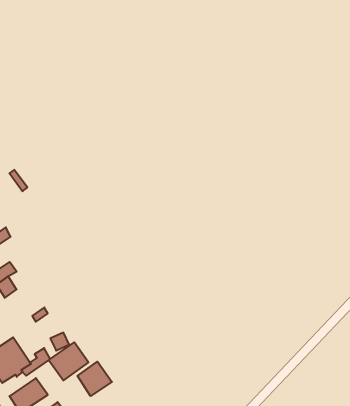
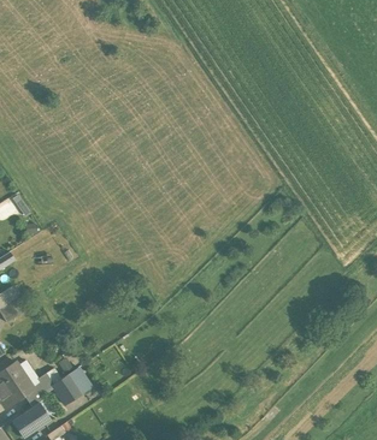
building: [77,362,112,396] -> none

